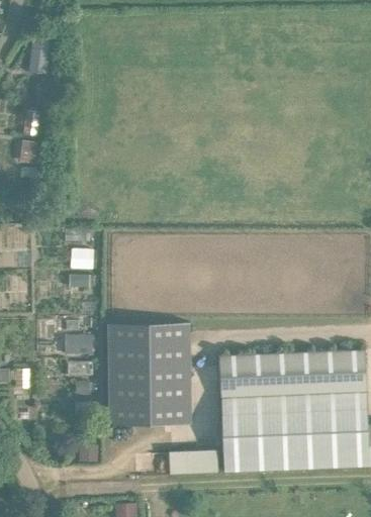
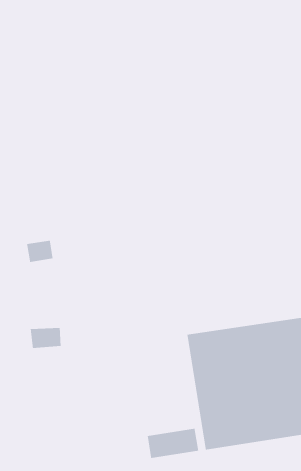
building: [107,323,189,425] -> none

